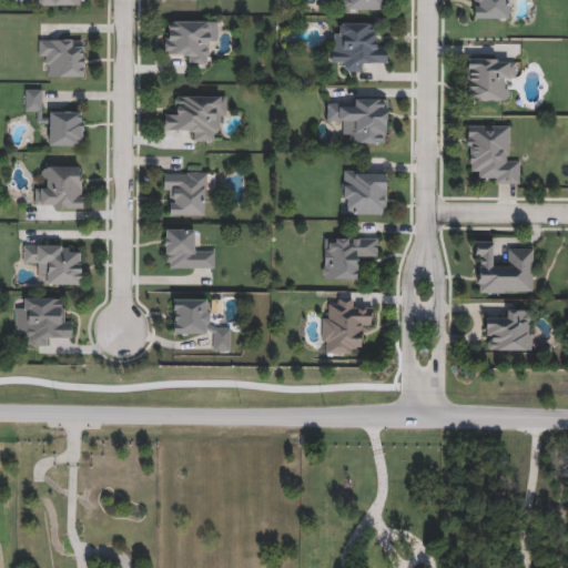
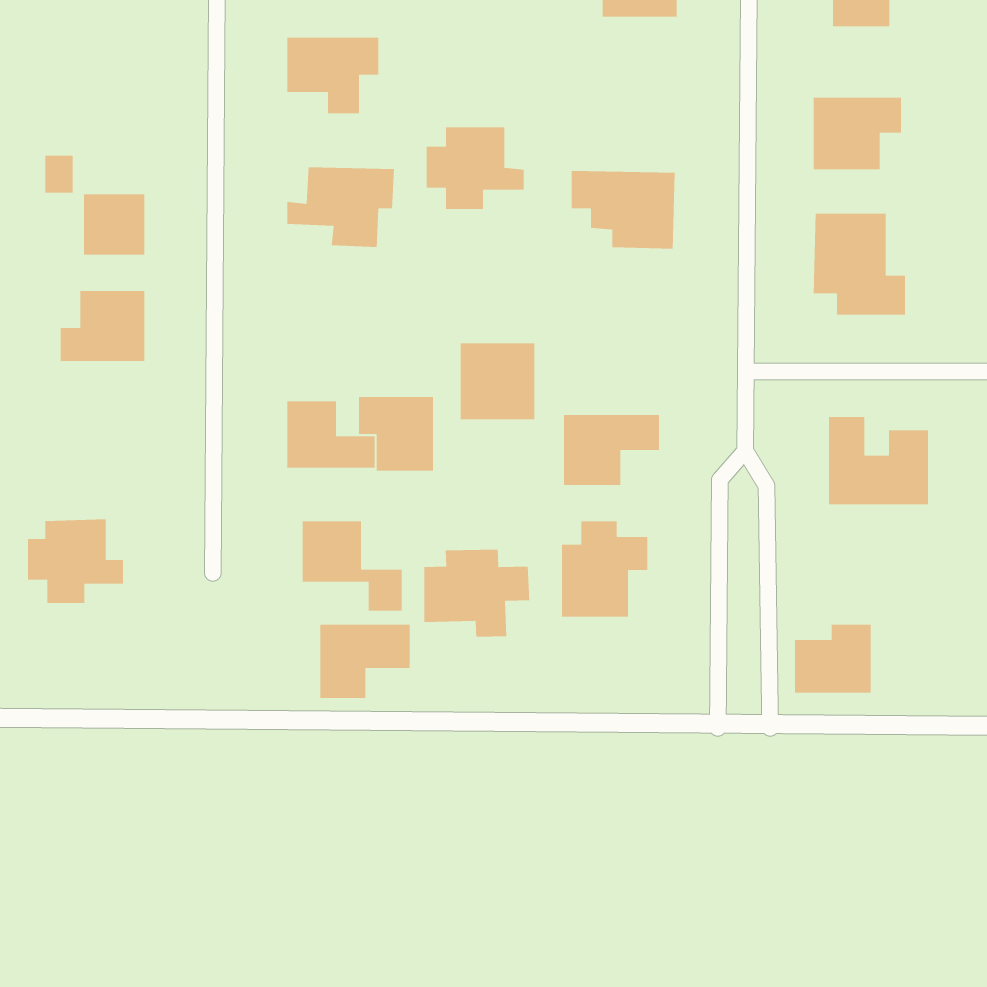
building: [332,23,388,71] -> [426,127,525,210]
building: [40,39,84,77] -> none
building: [344,170,387,214] -> [460,343,535,420]
building: [164,172,207,215] -> [358,396,434,471]
building: [24,244,82,285] -> none
building: [487,307,531,347] -> [794,624,871,693]
building: none -> [423,549,530,638]
building: none -> [319,624,411,699]

